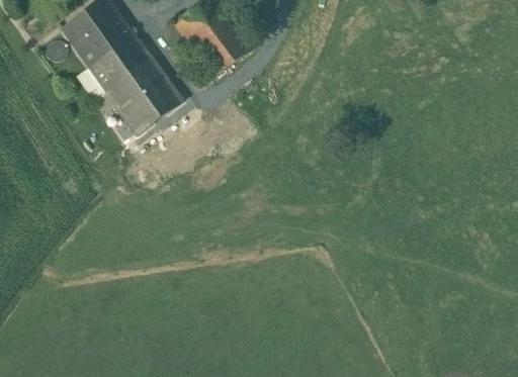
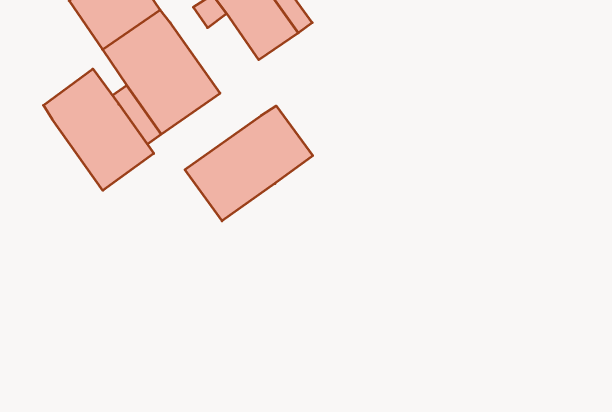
building: none -> [43,69,154,190]
building: none -> [185,106,313,221]

